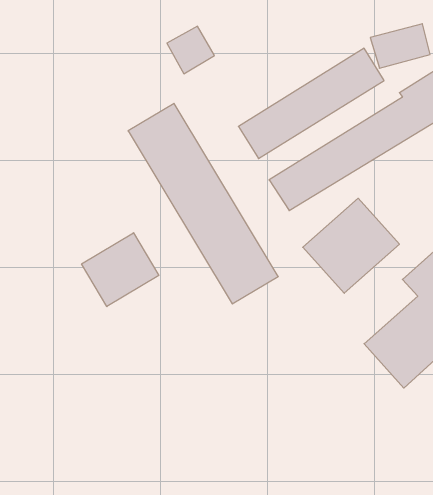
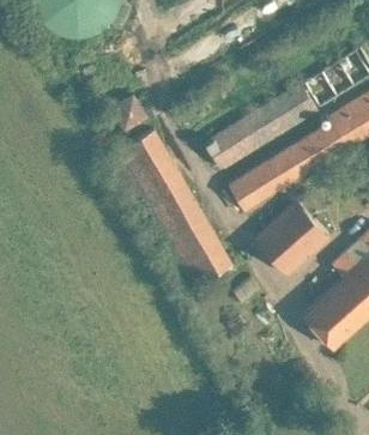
building: [167,26,214,74] -> [109,95,146,132]
building: [82,233,159,307] -> none

